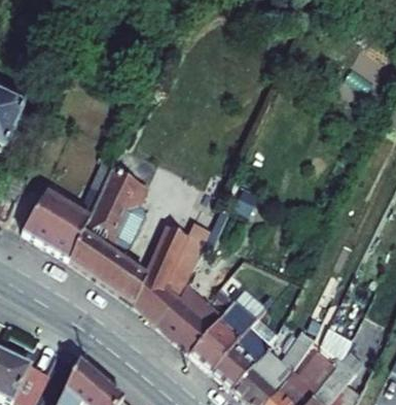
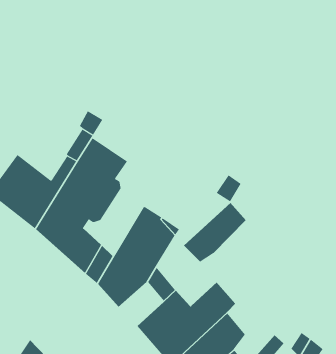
building: none -> [183,202,247,262]
building: [156,296,197,338] -> none

